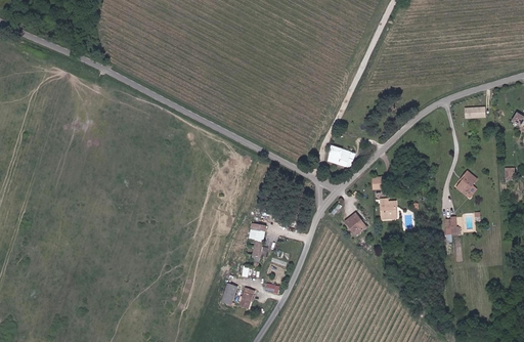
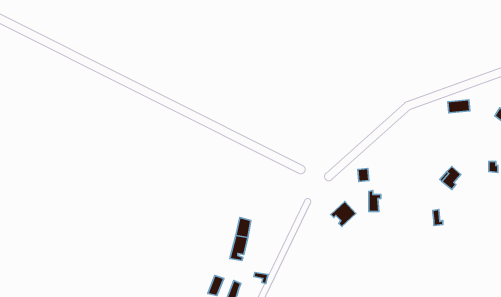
building: [324,145,353,165] -> none

